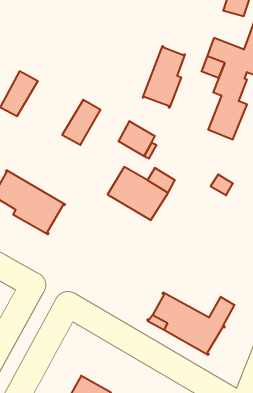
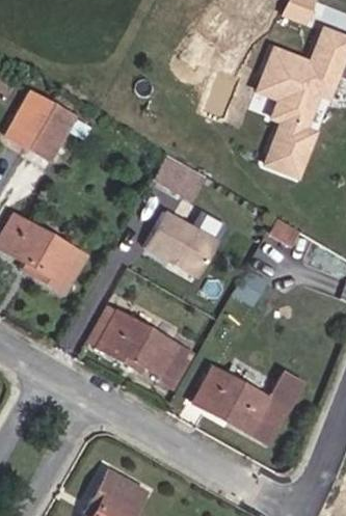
building: [143,46,185,108] -> none
building: [62,100,101,145] -> [27,103,75,159]
building: none -> [95,309,192,387]

